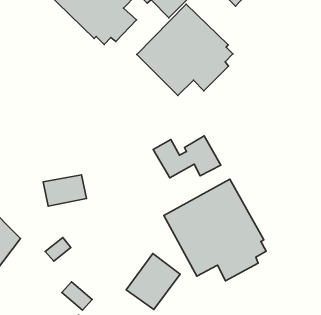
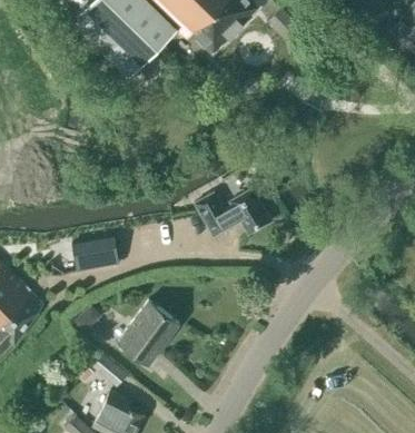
building: [137,4,233,95] -> none
building: [164,179,266,281] -> none
building: [126,254,180,309] -> [118,301,179,364]

